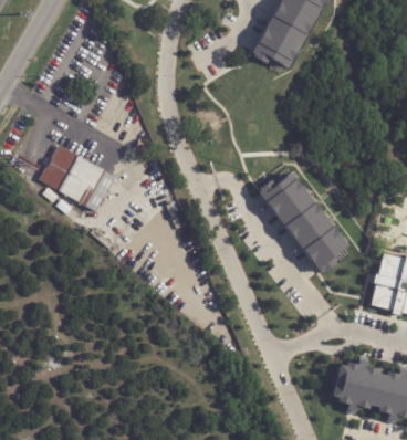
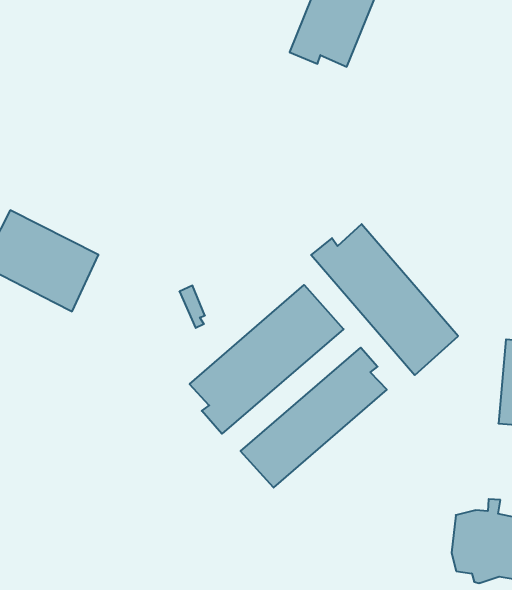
building: none -> [190,285,344,434]
building: none -> [241,348,387,488]

